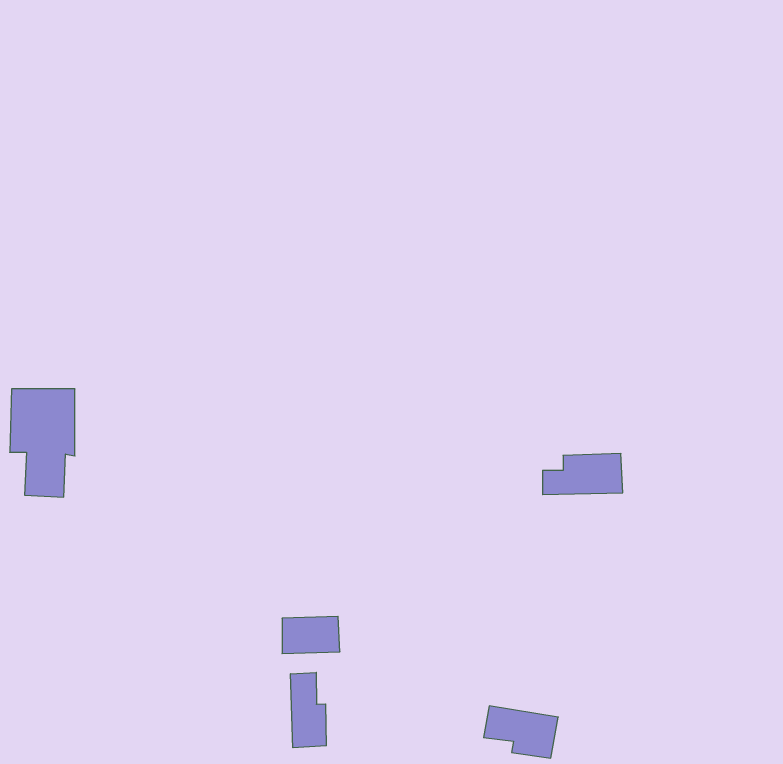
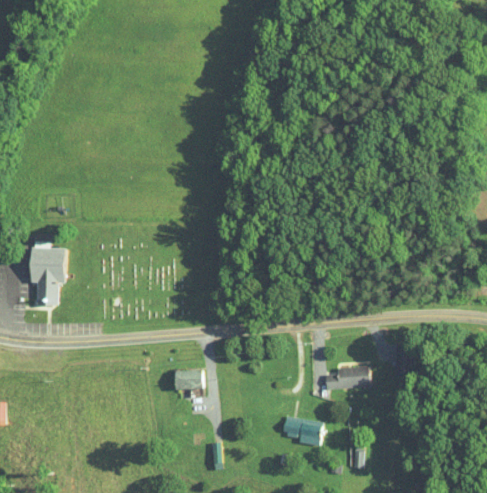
building: [543,454,623,495] -> [326,366,369,388]
building: [291,672,326,748] -> none

